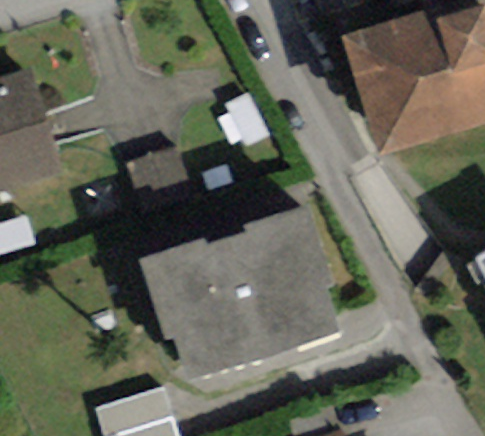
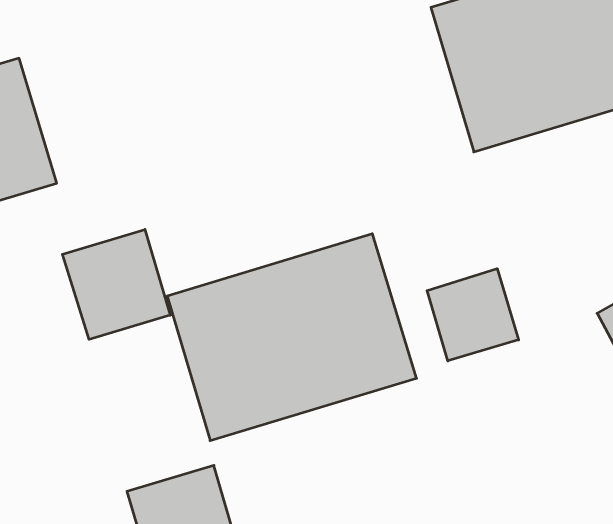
building: none -> [62,229,170,339]
building: none -> [427,269,519,361]

